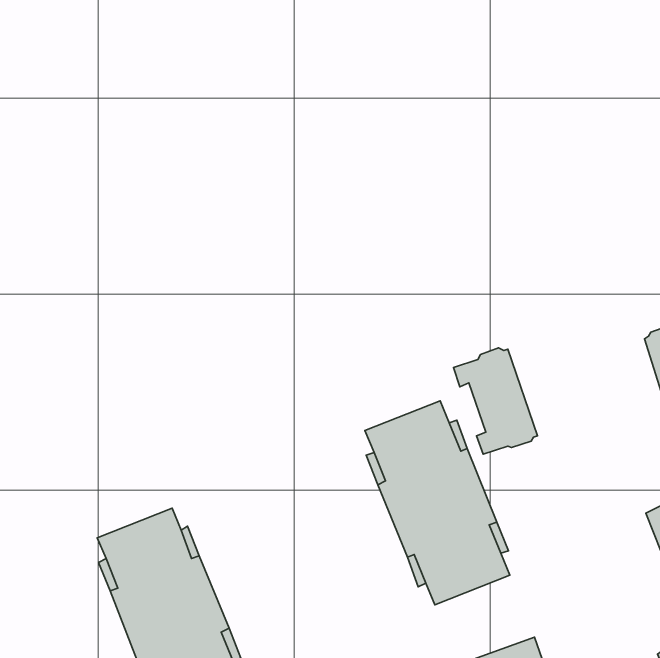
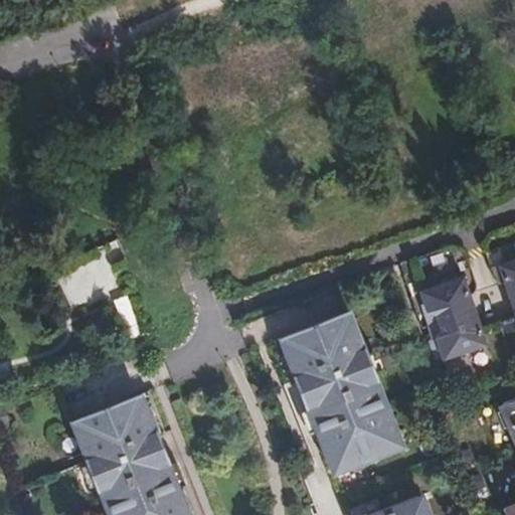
building: [453,348,537,454] -> [423,277,489,359]

